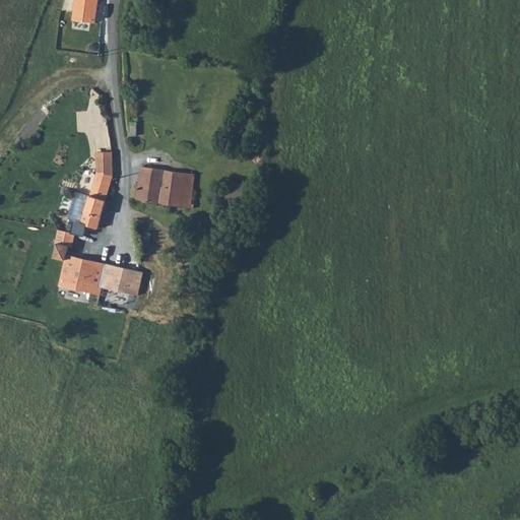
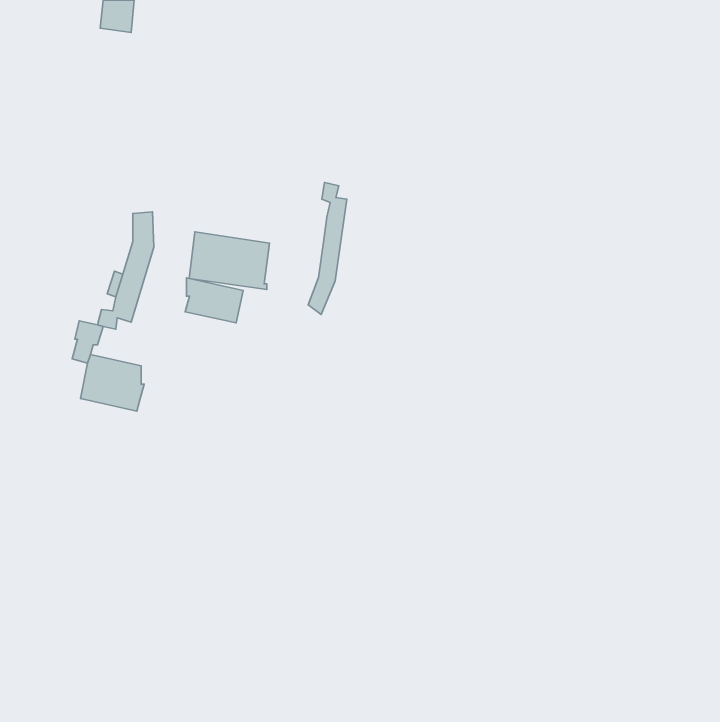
building: none -> [308,182,347,314]
building: [101,263,142,296] -> [185,278,243,323]

